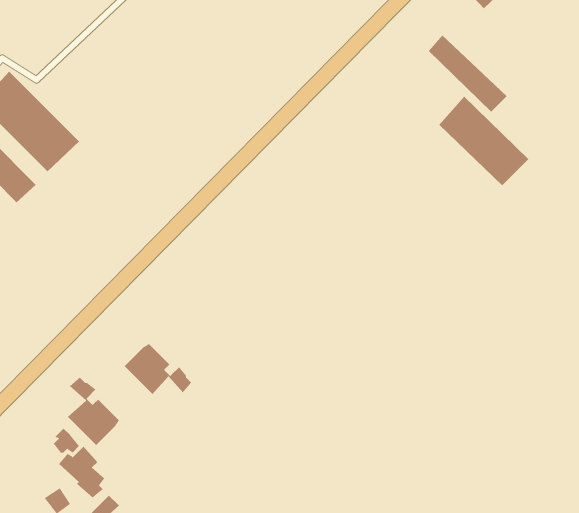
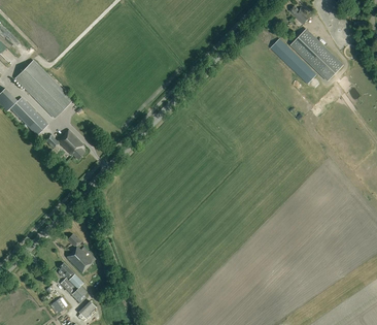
building: [439,96,529,186] -> [290,29,342,80]
building: none -> [44,130,83,160]
building: [124,343,192,395] -> none

